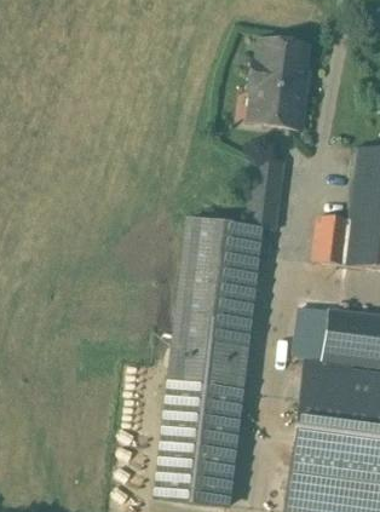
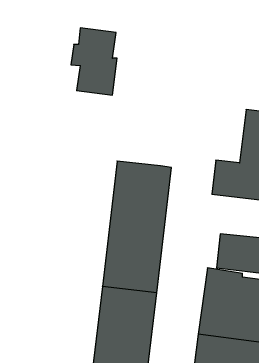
building: [251,36,311,125] -> [71,28,117,95]
building: [247,160,283,226] -> none
building: [294,309,326,357] -> none

